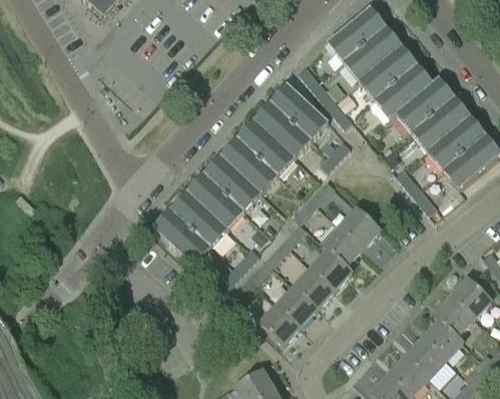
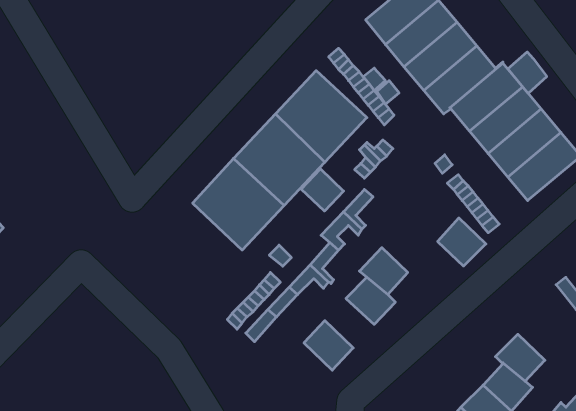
building: none -> [508,52,547,93]
building: none -> [301,169,344,211]
building: [153,190,227,265] -> none
building: [341,208,380,247] -> [438,218,486,266]
building: [295,268,335,308] -> none
building: [451,278,491,318] -> none
building: [261,304,301,344] -> none

